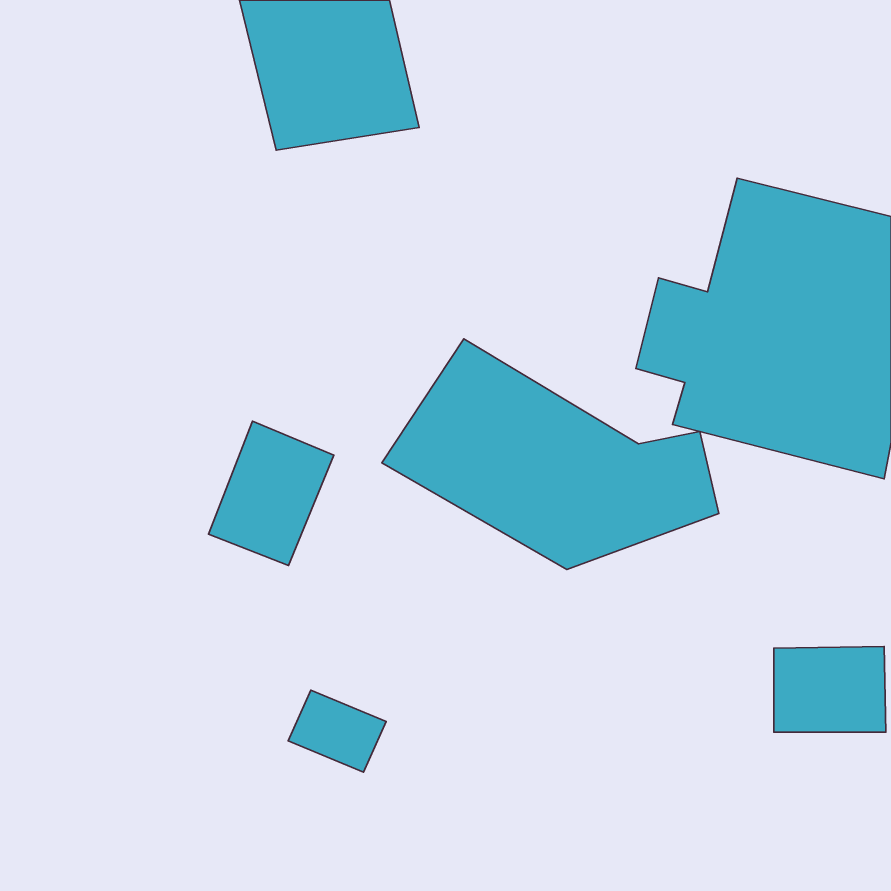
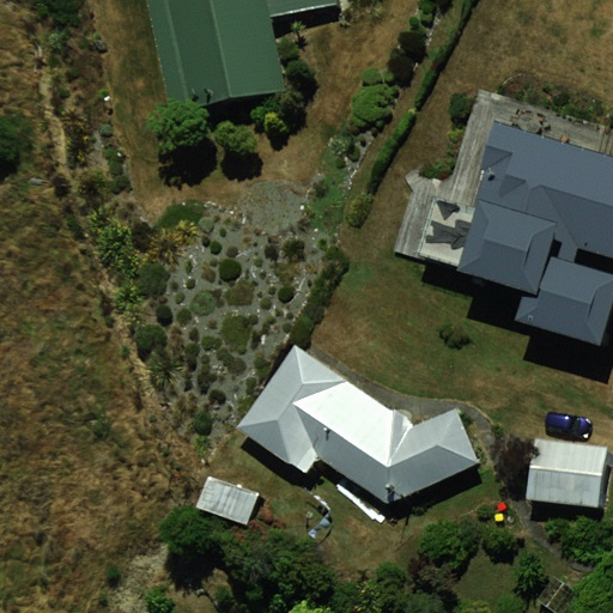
building: [382,339,719,569] -> [241,350,472,508]
building: [208,421,334,565] -> none

